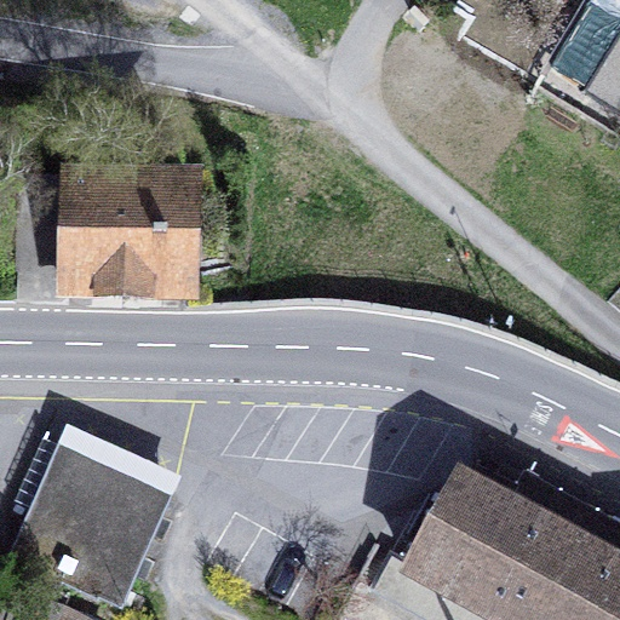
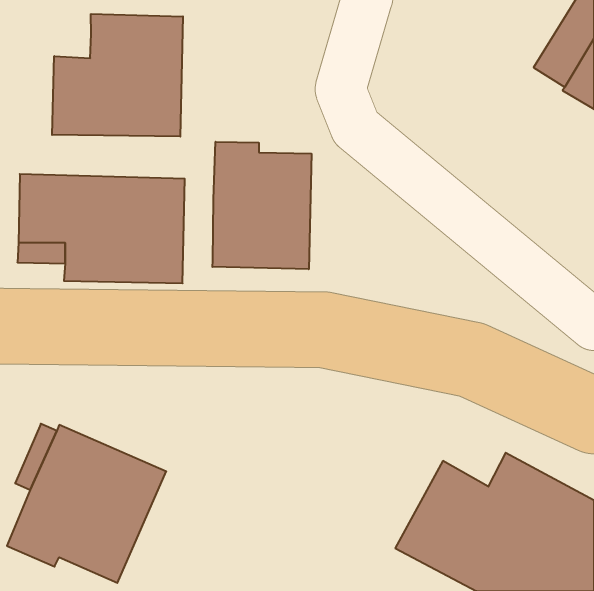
building: none -> [52,14,183,137]
building: none -> [212,142,311,269]

